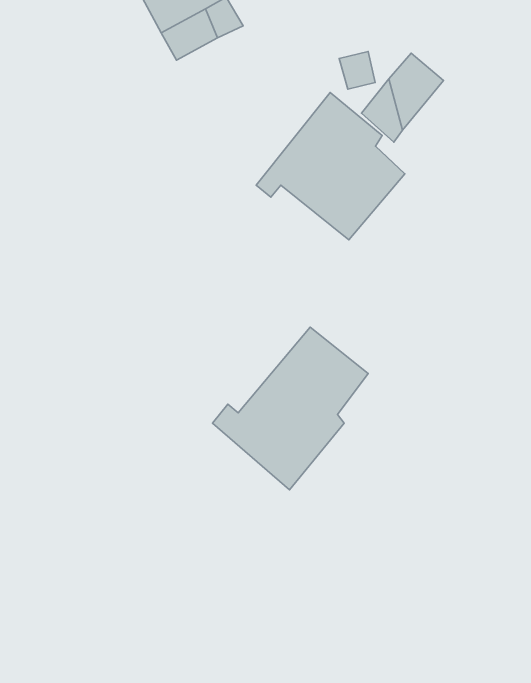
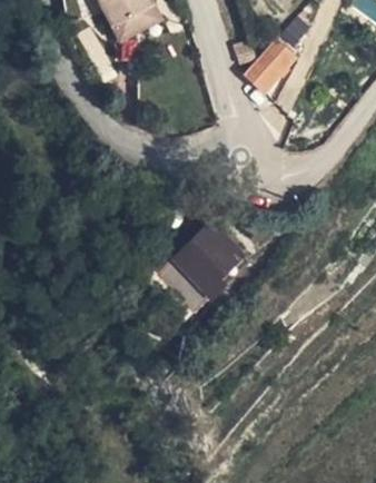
building: [256,93,405,240] -> none

